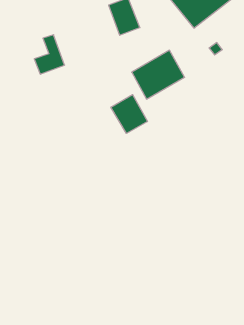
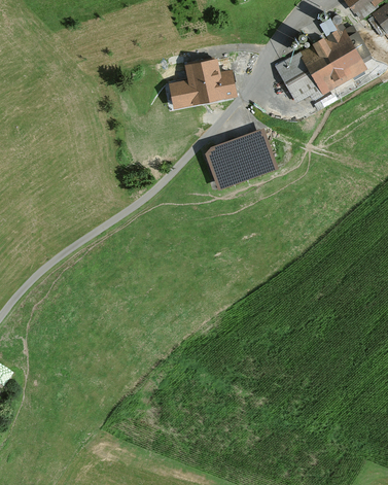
building: [34,35,65,74] -> [171,64,206,108]
building: [111,95,147,133] -> none

